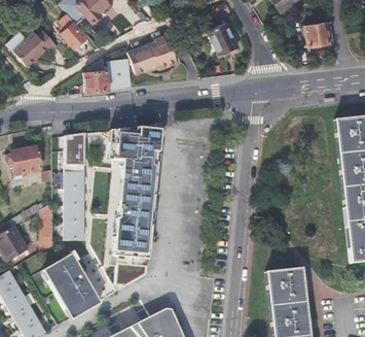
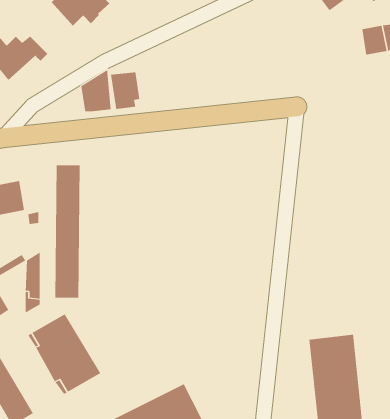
building: [58,12,90,46] -> none
building: [210,23,236,55] -> none
building: [130,37,179,72] -> none
building: [108,124,159,284] -> none

